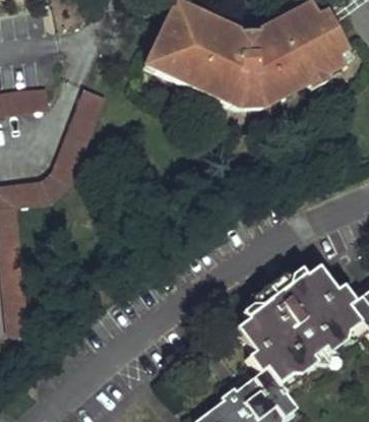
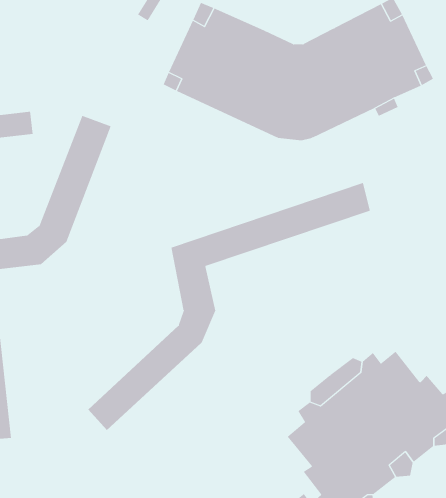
building: none -> [87,182,370,431]

